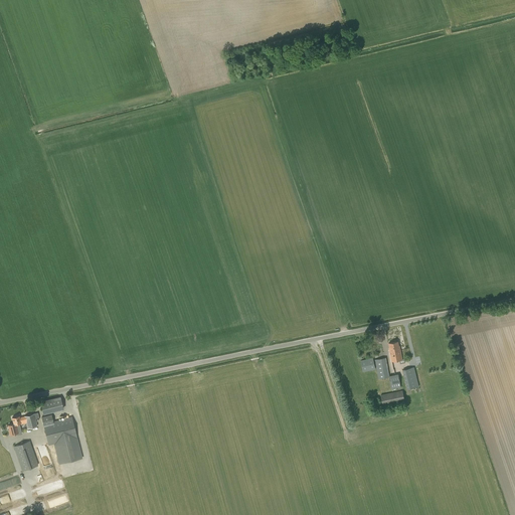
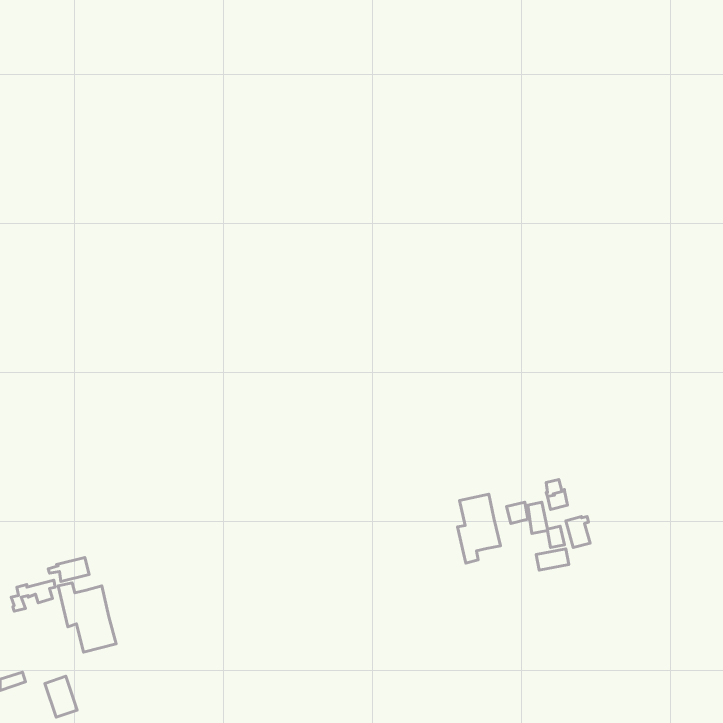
building: none -> [457,494,501,563]
building: [14,442,37,471] -> [45,676,77,717]

